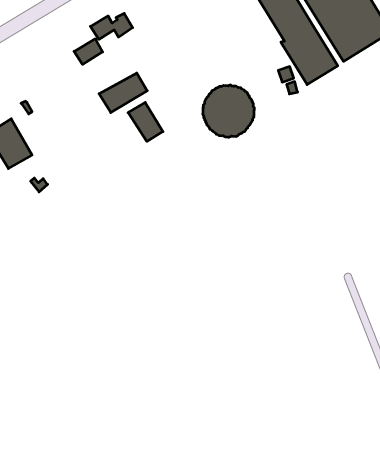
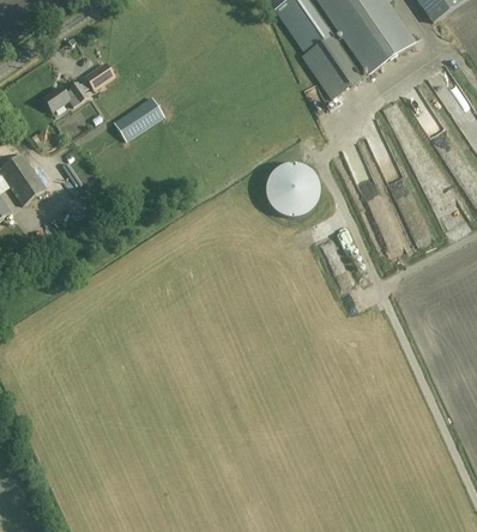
building: [90,13,133,39] -> [42,80,86,109]
building: [203,85,254,137] -> [265,162,319,217]
building: [128,102,163,141] -> none

